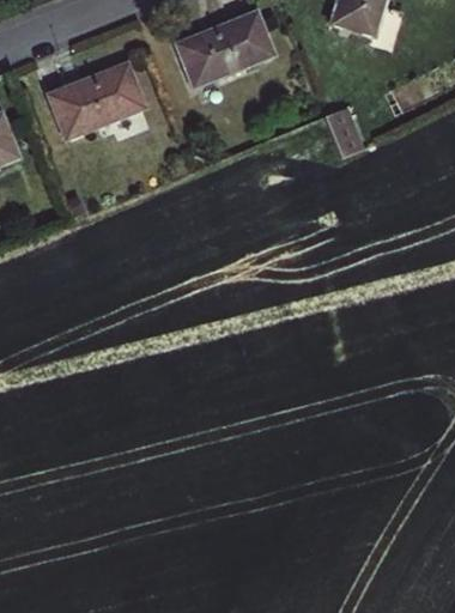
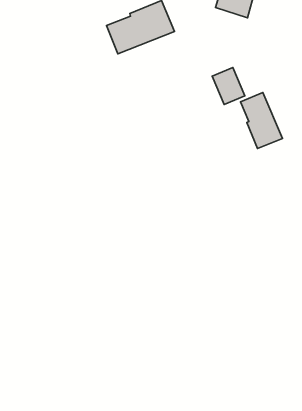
building: [49,66,142,136] -> none
building: none -> [240,92,282,148]

